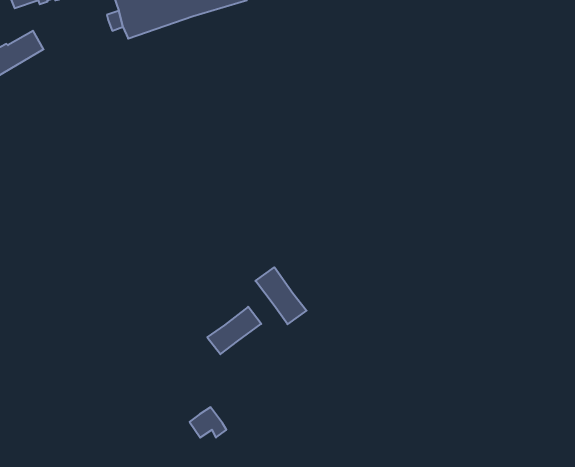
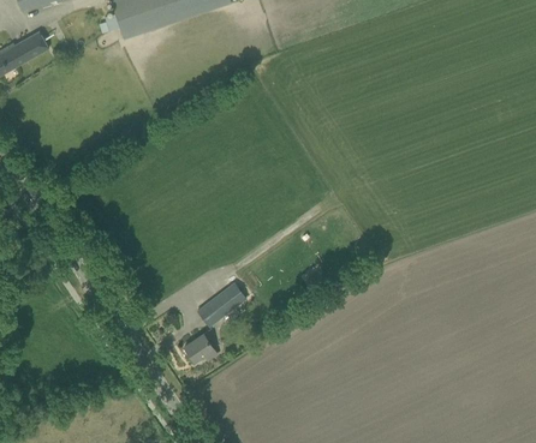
building: [255,267,307,324] -> none
building: [190,407,226,438] -> [185,334,219,361]

